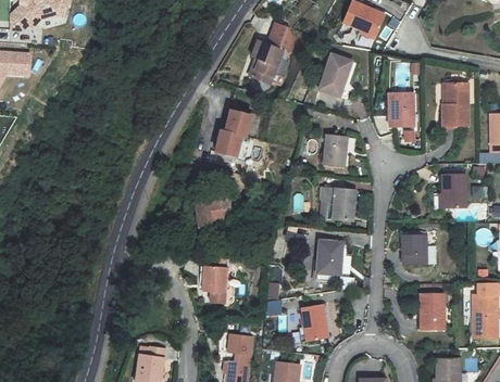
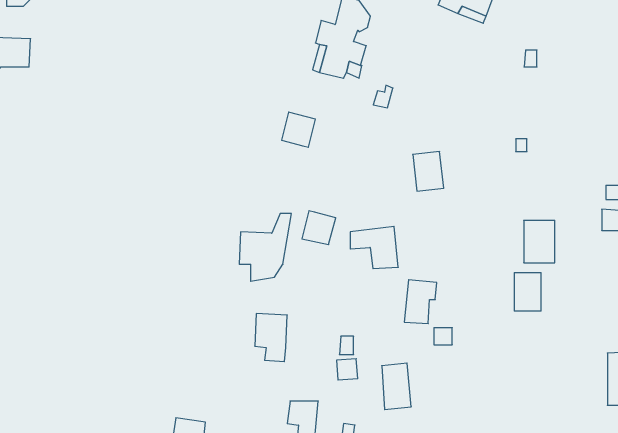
building: [315,55,345,96] -> none
building: [441,80,466,123] -> none
building: [388,89,412,125] -> none
building: [213,130,239,156] -> [302,211,336,245]
building: [440,173,464,205] -> [524,220,555,263]
building: [321,189,358,221] -> [350,226,398,269]
building: [417,293,442,329] -> none

